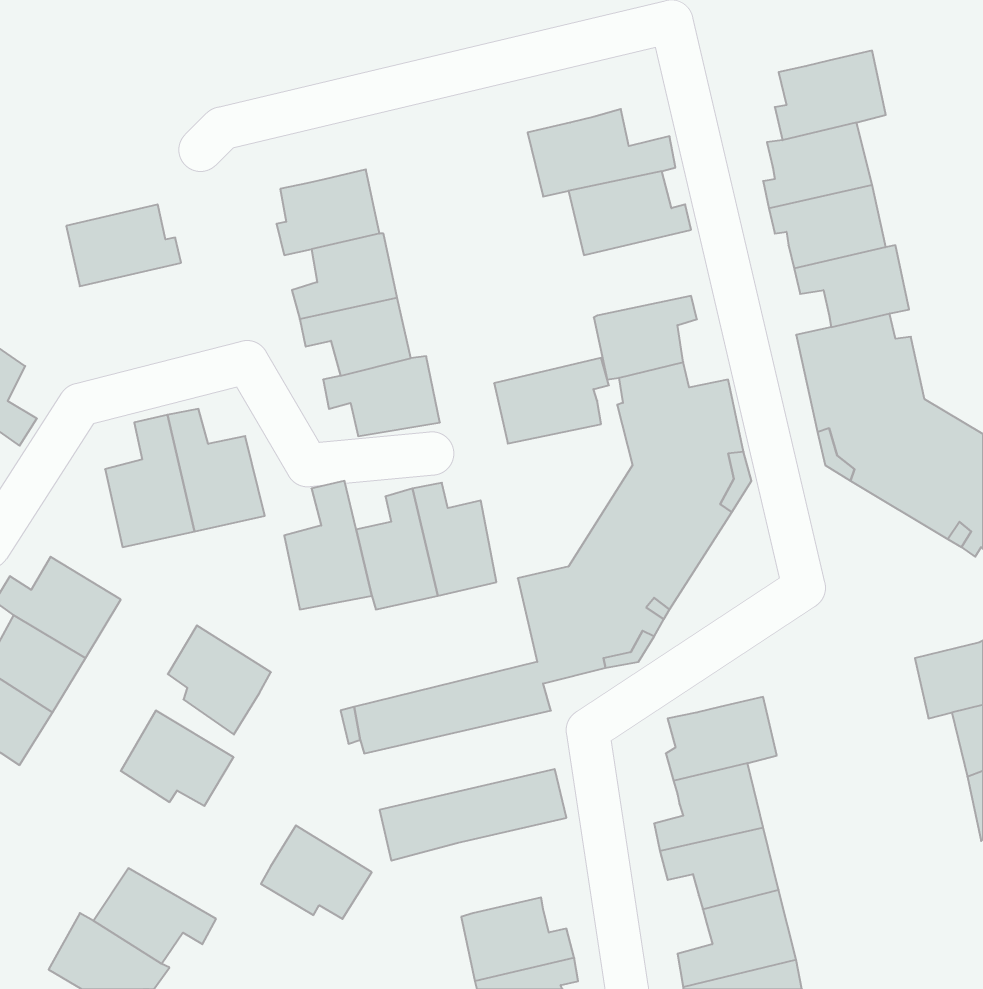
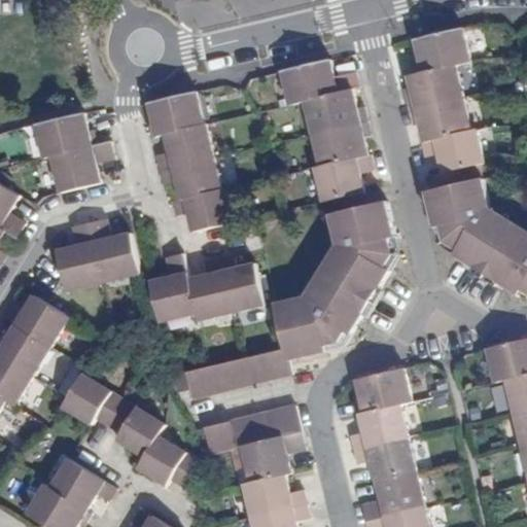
building: none -> [51,136,113,186]
building: [494,358,609,444] -> [309,121,370,167]
building: [168,625,271,735] -> [108,400,163,458]
building: none -> [242,432,304,483]

